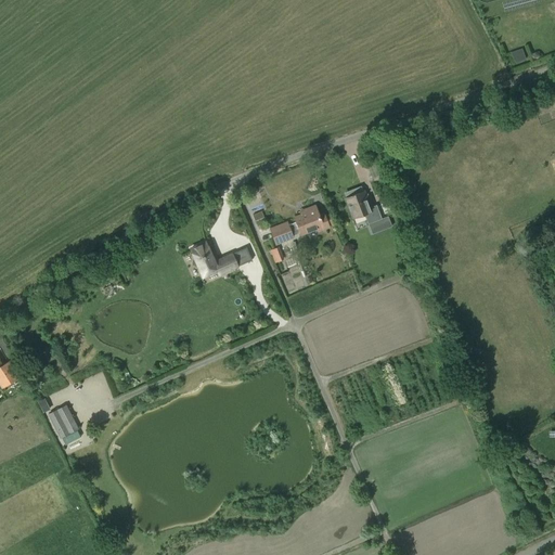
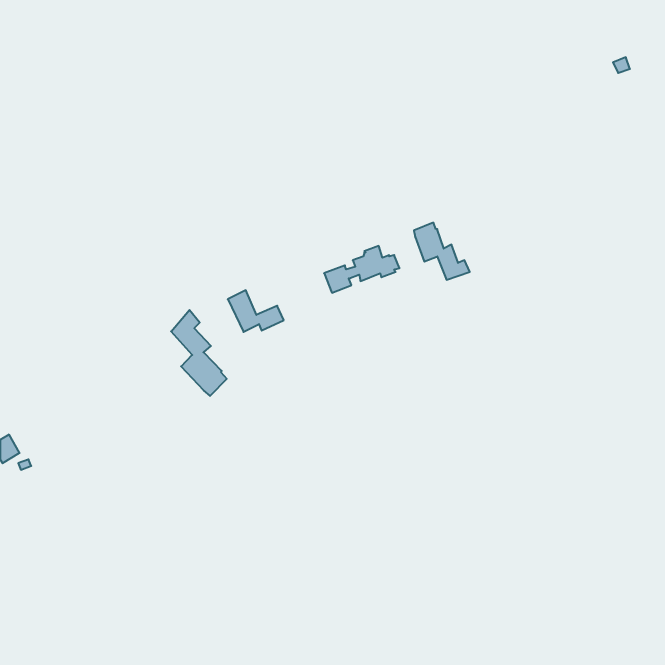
building: none -> [171,310,227,396]
building: [47,404,78,438] -> none

